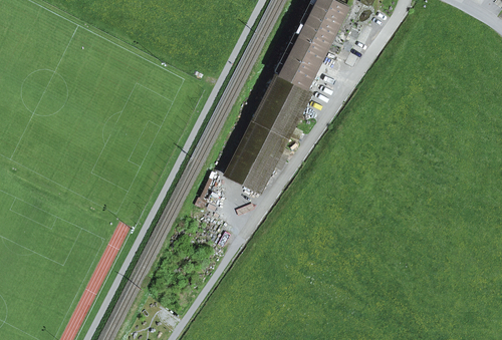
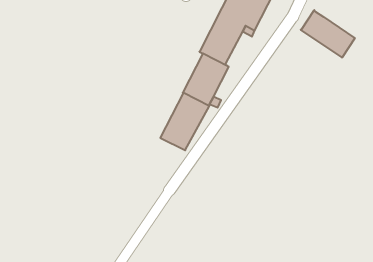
building: none -> [301,10,355,58]

